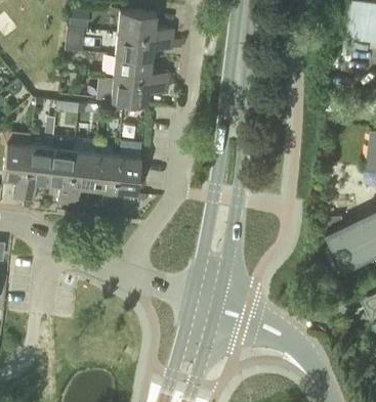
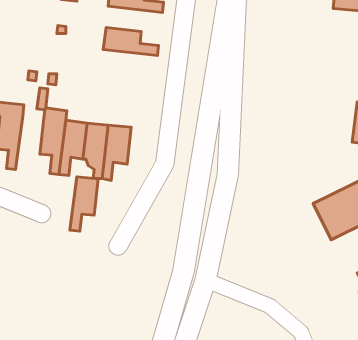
building: [116,35,173,60] -> none
building: [111,79,168,105] -> none
building: [24,146,52,202] -> [70,177,98,231]

